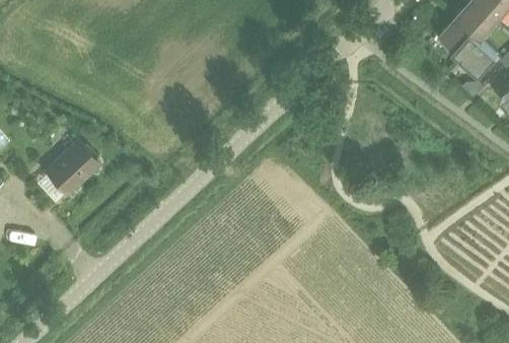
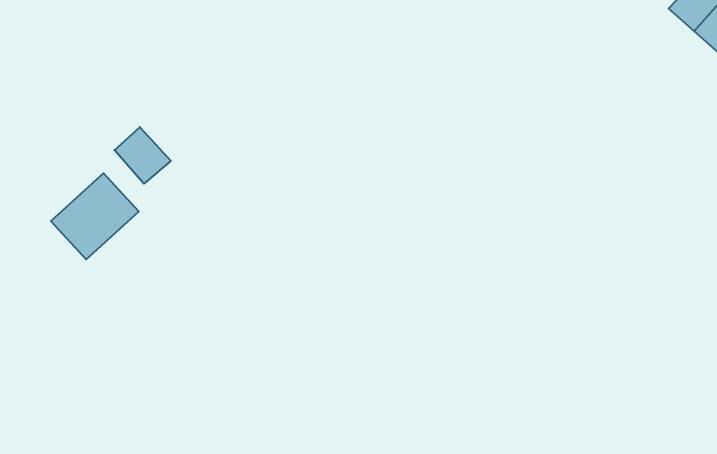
building: none -> [114,127,171,184]

